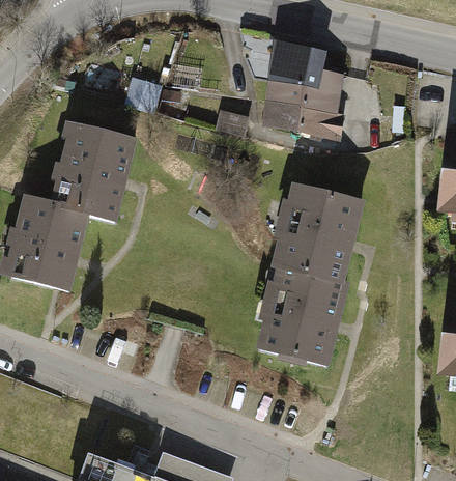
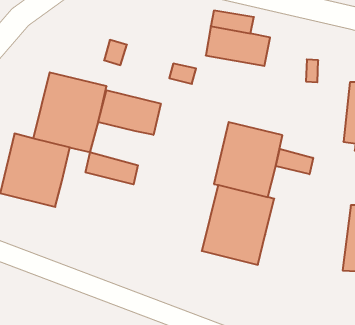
building: [258,100,345,139] -> none
building: none -> [98,90,161,135]
building: none -> [276,149,313,174]
building: none -> [86,152,138,184]

